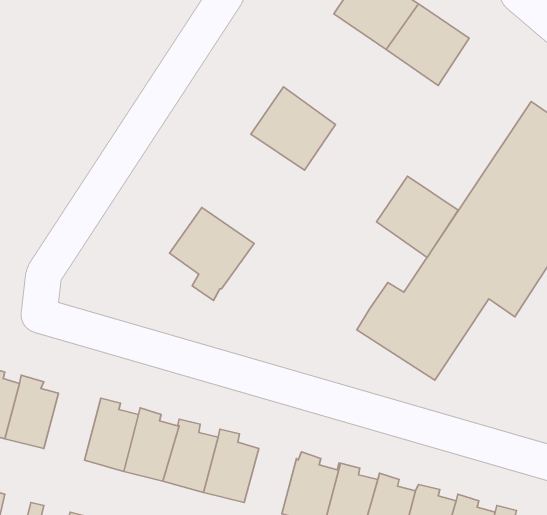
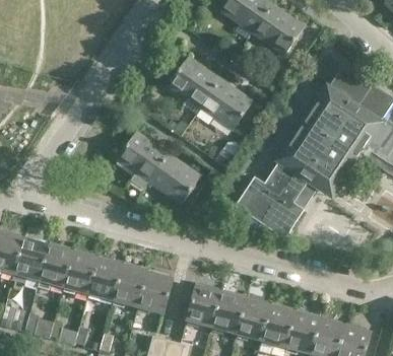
building: [377,176,458,258] -> [202,79,253,130]
building: none -> [150,153,202,203]
building: none -> [40,242,74,288]

